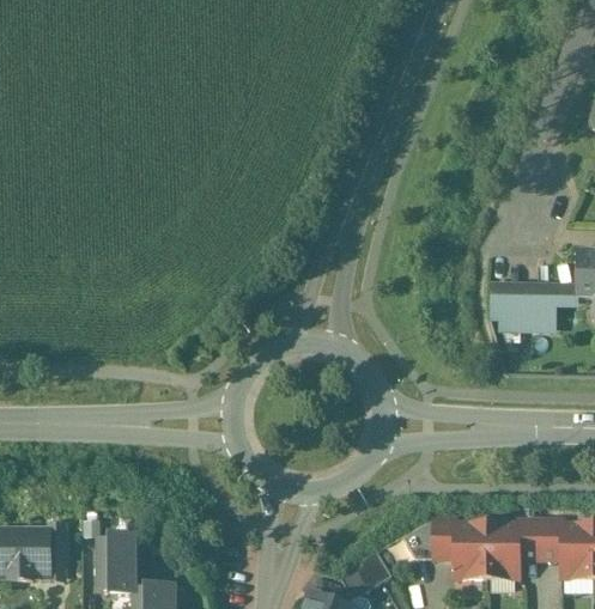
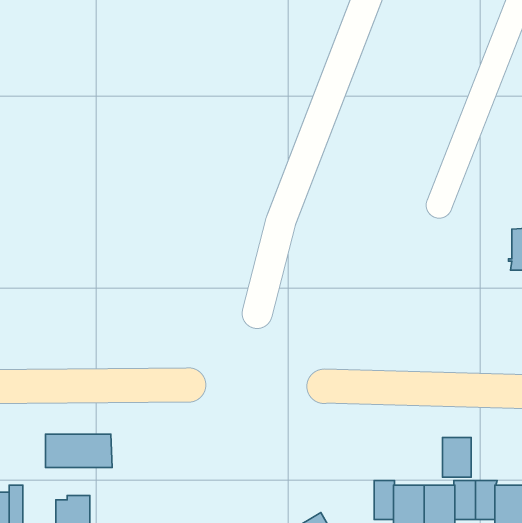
building: [490,284,553,328] -> none
building: none -> [45,434,112,467]
building: none -> [443,438,471,477]

